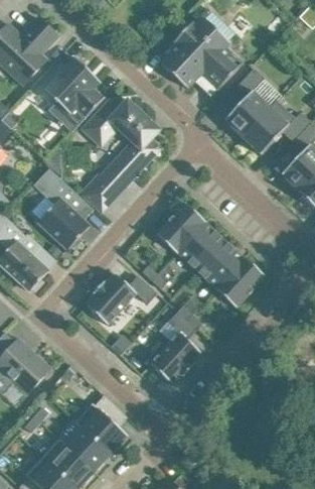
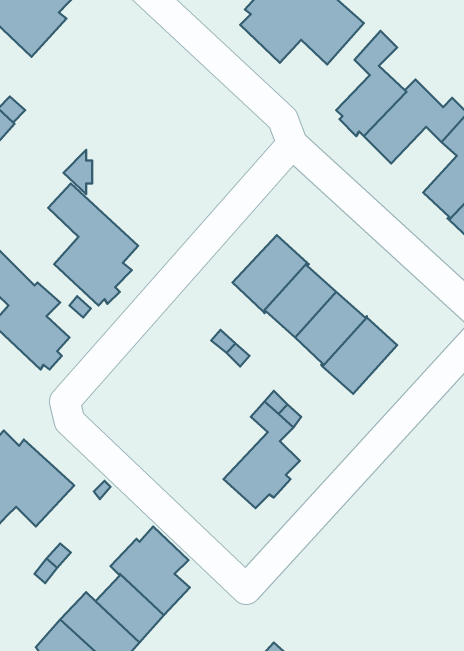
building: [41,55,104,124] -> none
building: [80,99,160,213] -> none
building: [86,273,156,325] -> none

